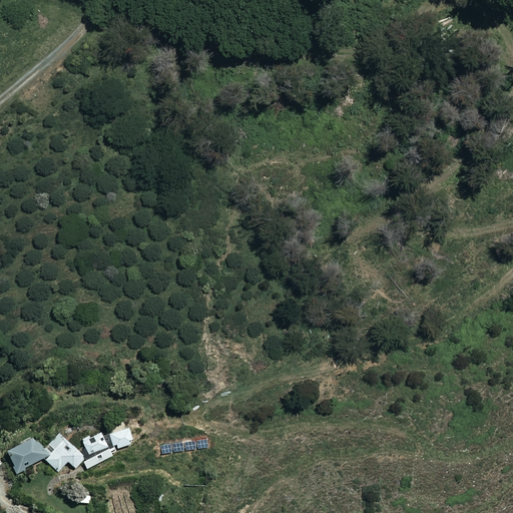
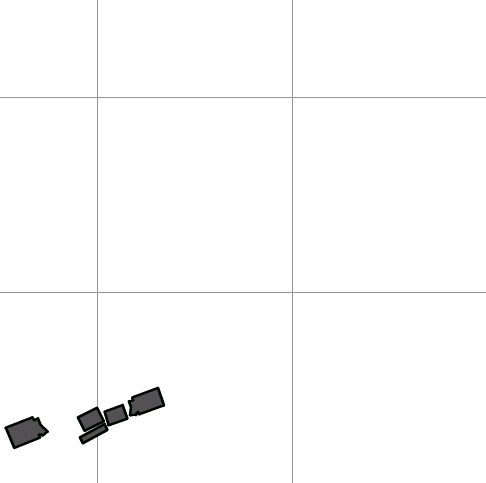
building: none -> [129,388,164,415]
building: [43,432,86,472] -> none

